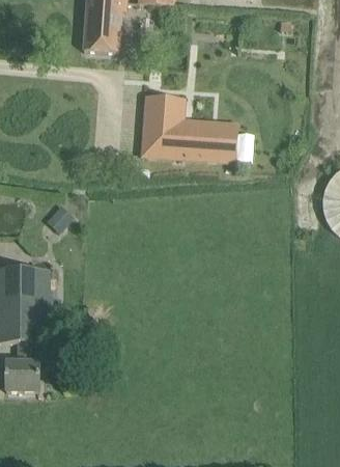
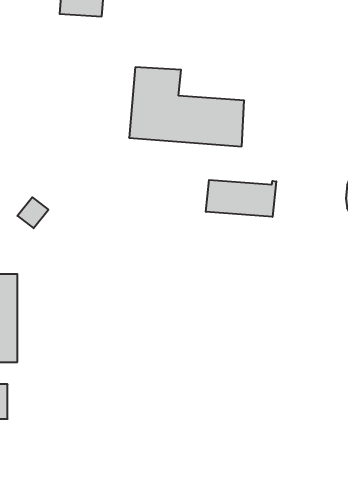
building: none -> [206,180,276,217]

